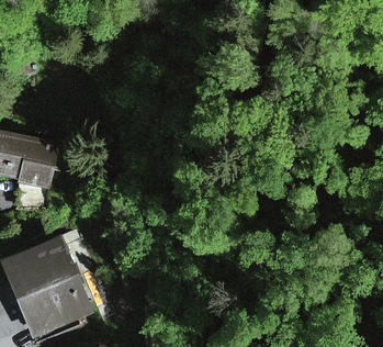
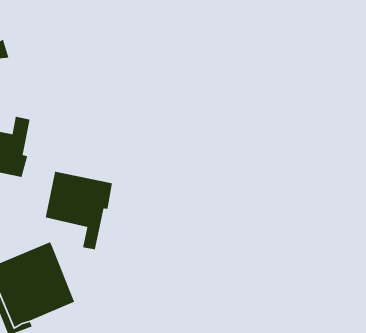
building: none -> [45,171,113,250]

